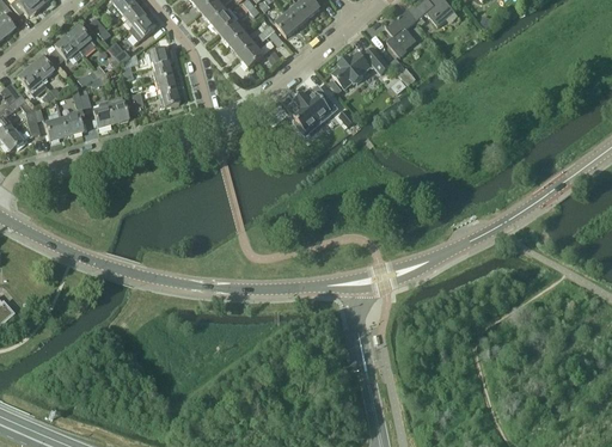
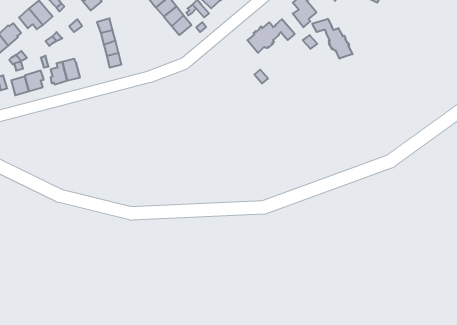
building: none -> [312,19,353,59]
building: [287,87,335,129] -> none

